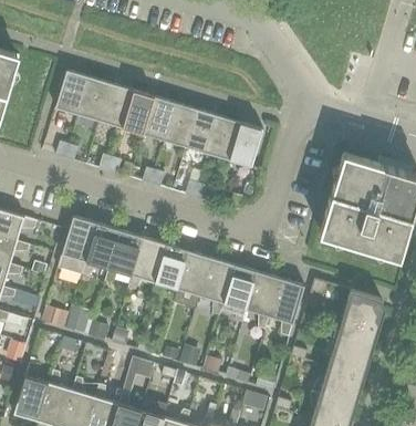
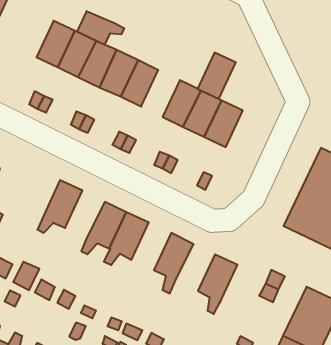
building: none -> [77,11,124,45]
building: [164,103,197,147] -> [197,52,236,99]
building: [58,217,96,270] -> none
building: [104,230,143,283] -> none
building: [177,251,211,309] -> none
building: [222,266,257,323] -> none
building: [269,279,304,337] -> none

